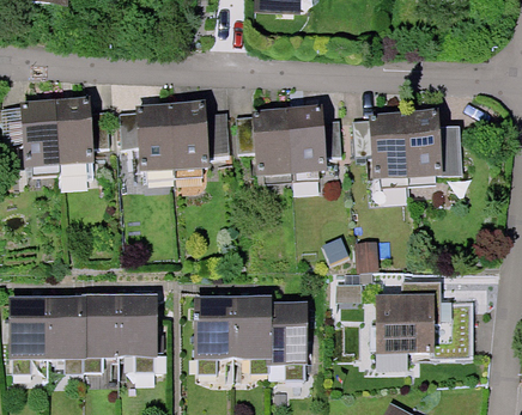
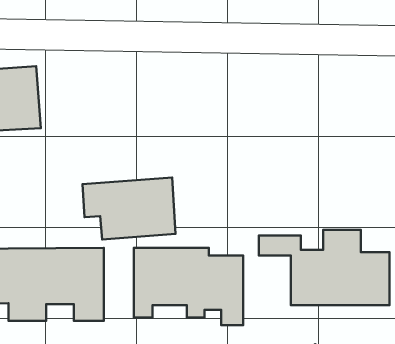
building: [115,106,216,173] -> [82,177,175,239]
building: [231,109,342,183] -> none
building: [348,110,463,185] -> none

